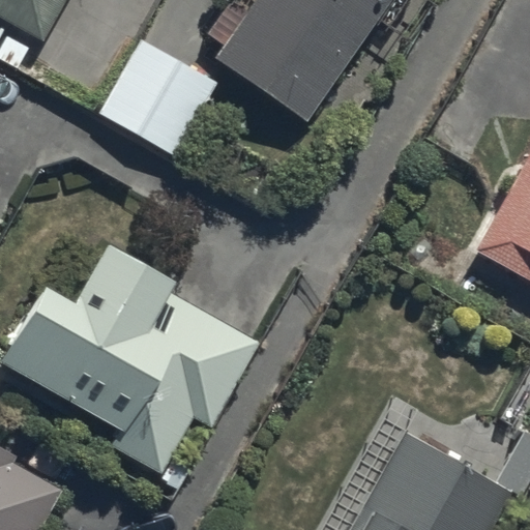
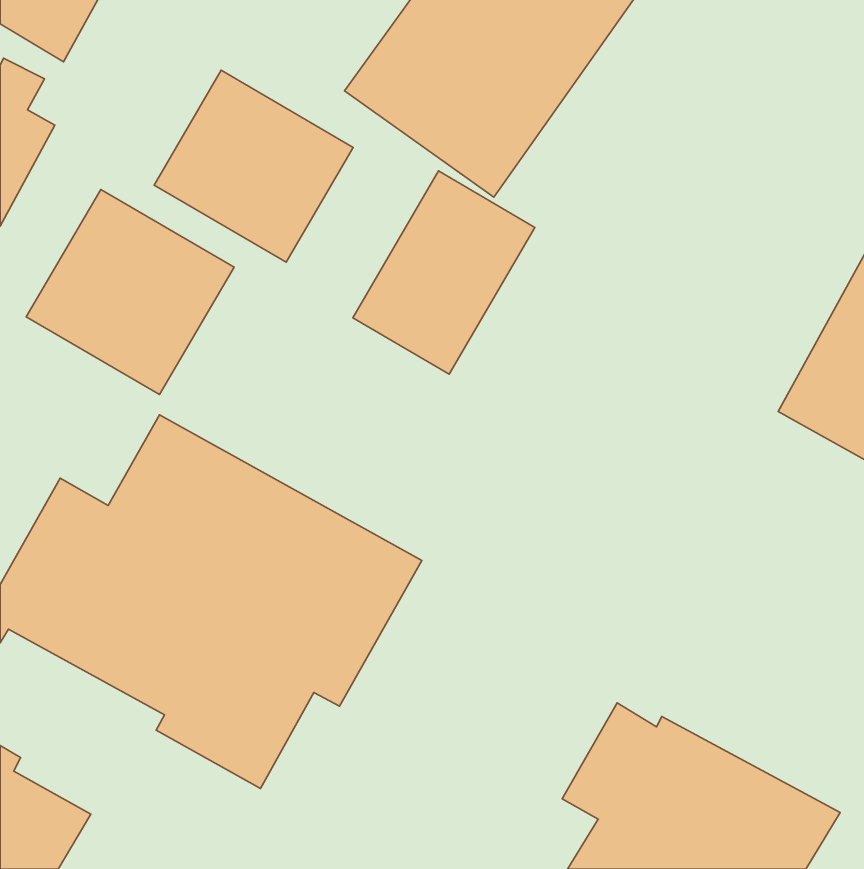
building: none -> [353,171,535,374]
building: none -> [26,189,234,395]

